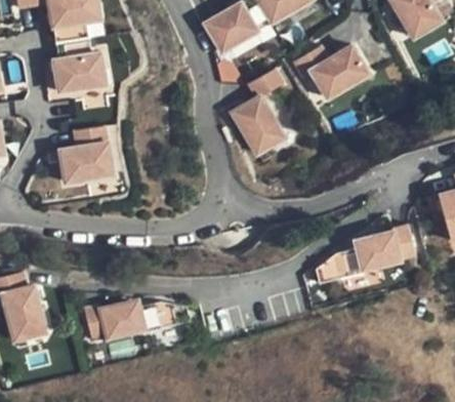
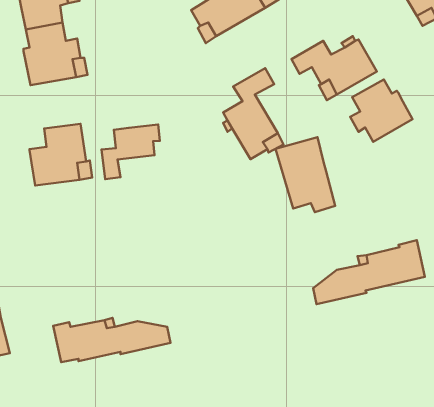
building: none -> [350,80,412,142]
building: none -> [102,125,160,179]
building: none -> [275,137,335,212]

